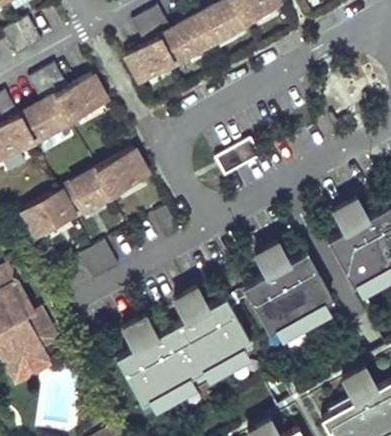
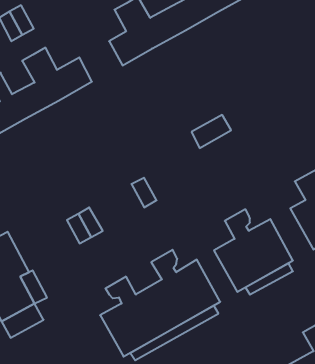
building: [19,151,147,240] -> none

